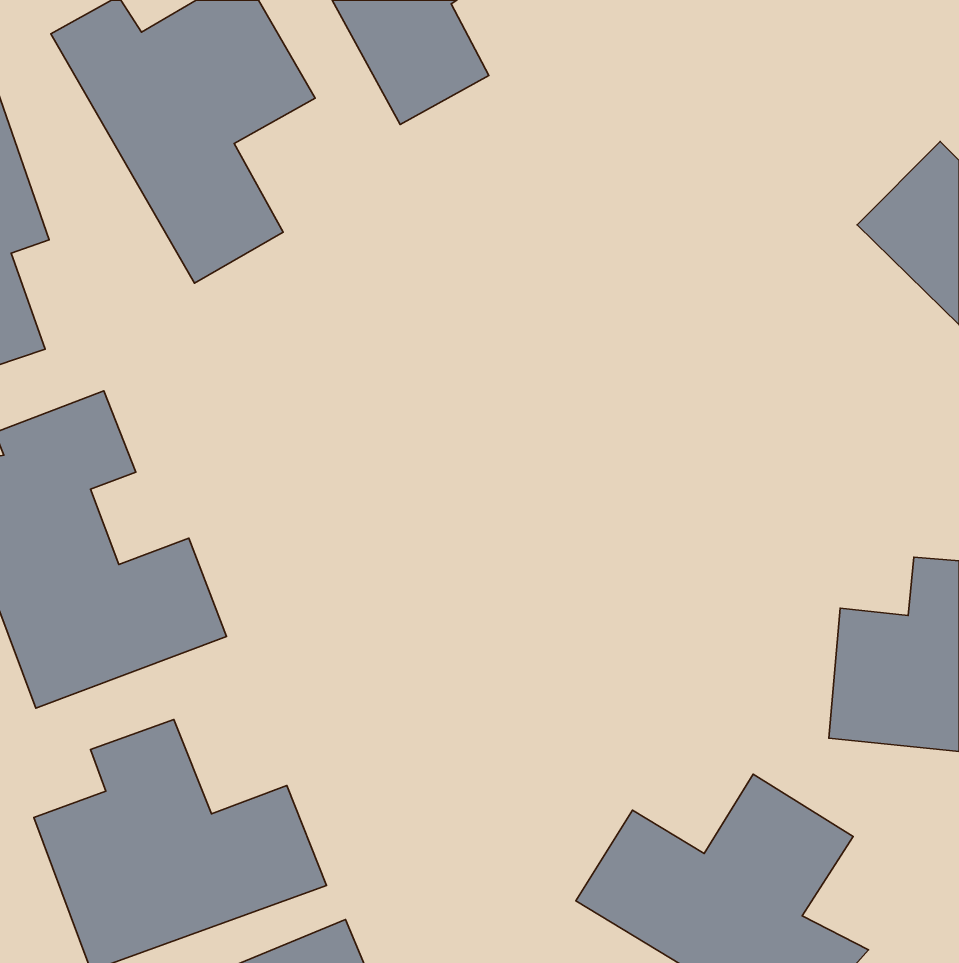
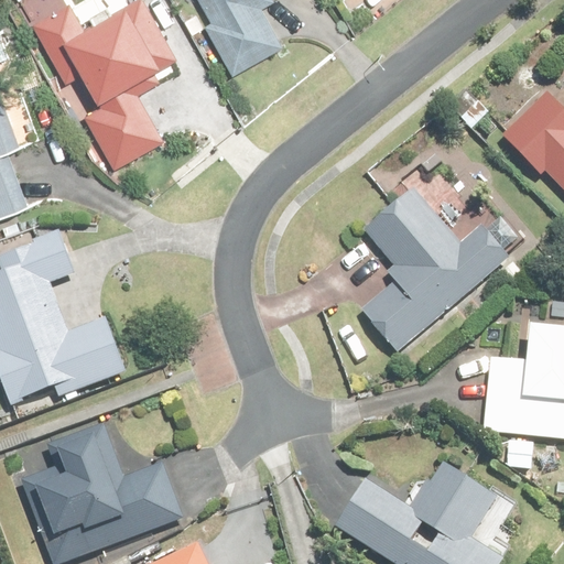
building: none -> [355,187,511,354]

